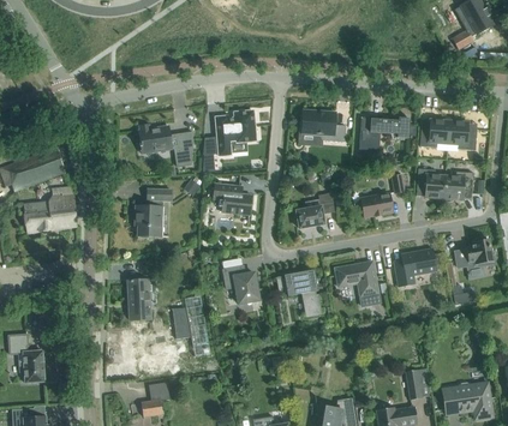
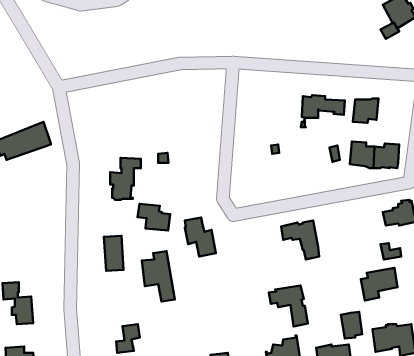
building: [301,110,346,143] -> none
building: [215,112,259,156] -> none
building: [447,119,477,150] -> none
building: [138,125,192,167] -> none
building: [213,184,251,215] -> [137,204,170,231]
building: [23,186,77,232] -> none
building: [294,193,334,228] -> none
building: [360,193,393,217] -> none
building: [393,248,436,287] -> [361,268,398,301]
building: [276,270,322,318] -> [269,285,308,327]

